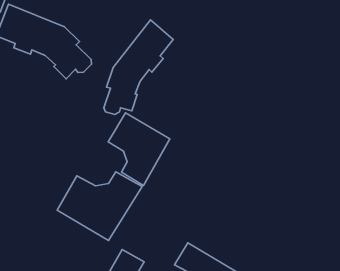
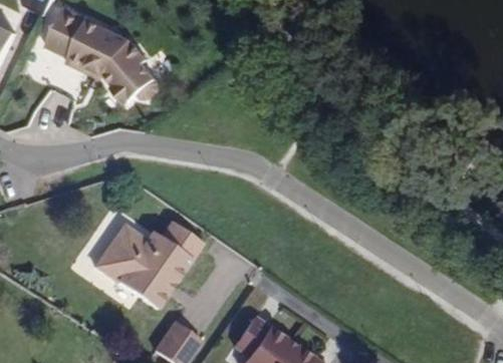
building: [104,20,173,114] -> none
building: [108,113,170,185] -> none

